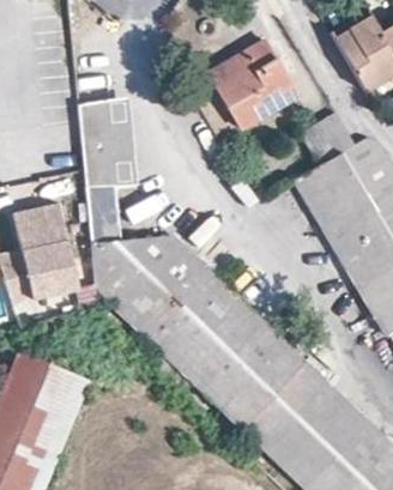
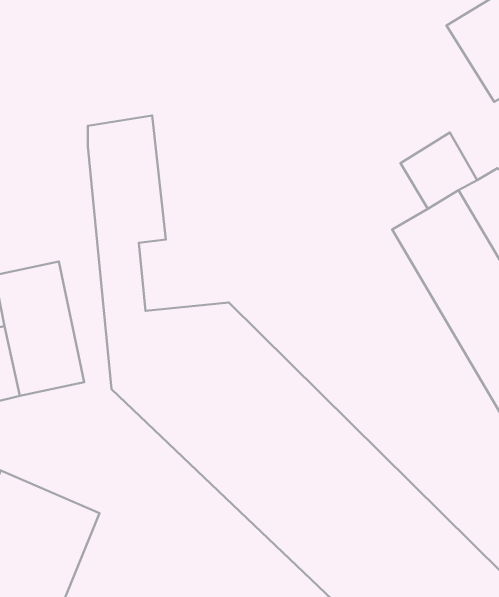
building: [206,37,300,132] -> none

